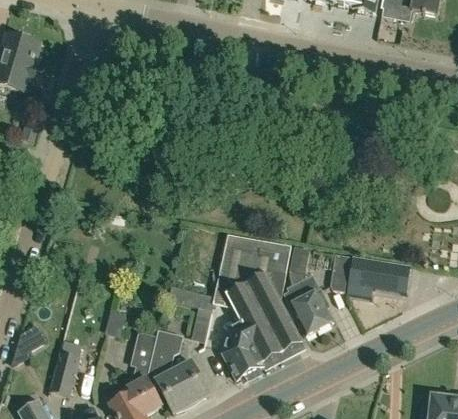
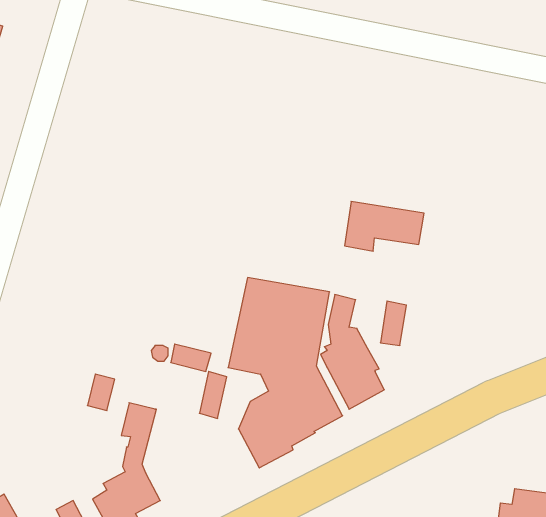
building: [349,256,410,294] -> [345,201,424,251]
building: [147,329,209,412] -> none
building: [51,351,80,394] -> none

